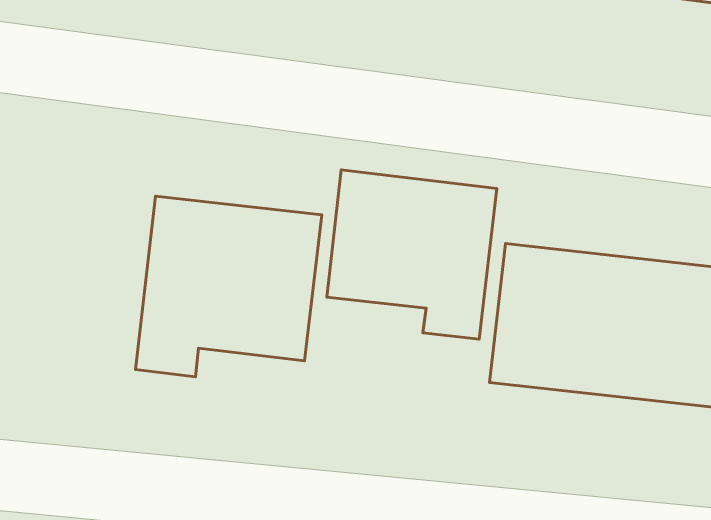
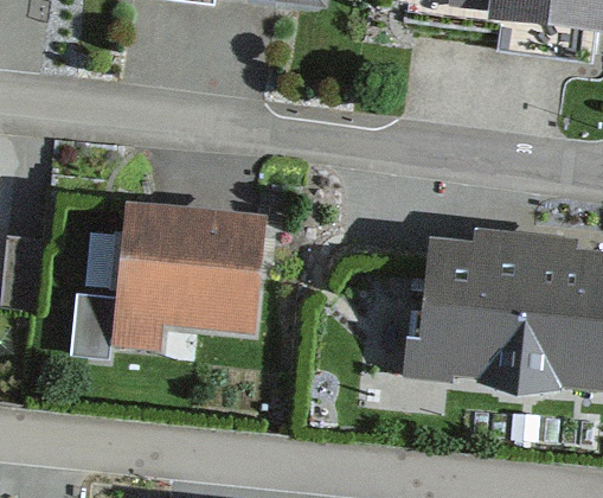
building: [327,170,497,339] -> none

